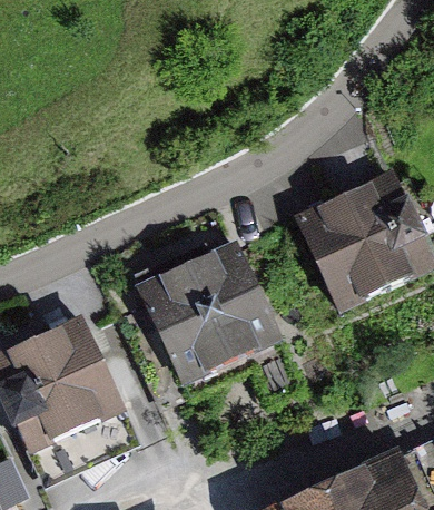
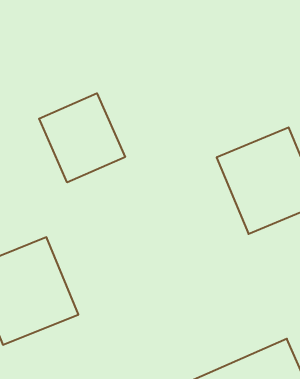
building: none -> [39,93,125,182]
building: [134,241,280,385] -> none

